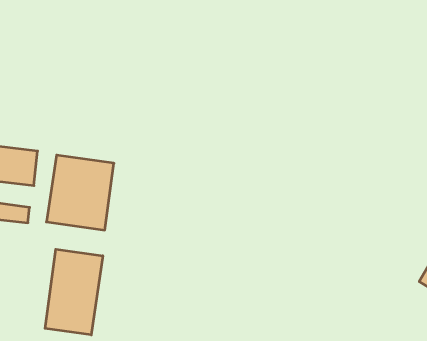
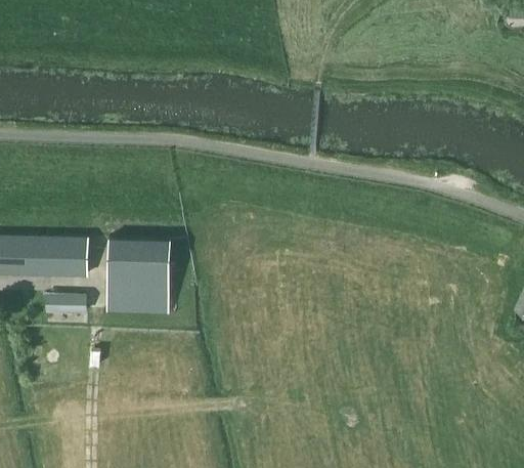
building: [45,249,103,335] -> none

